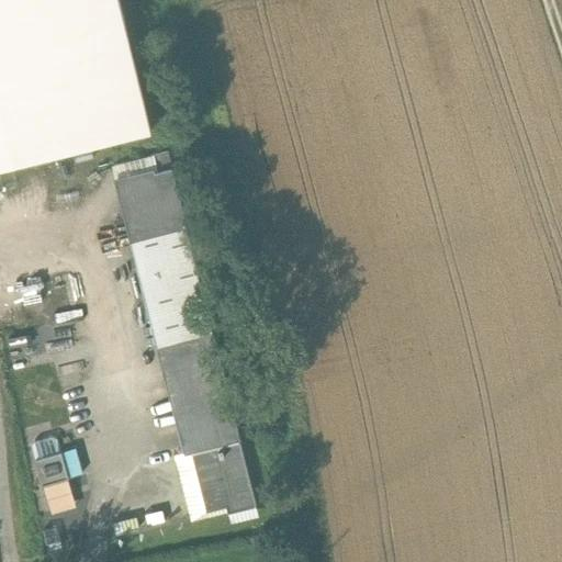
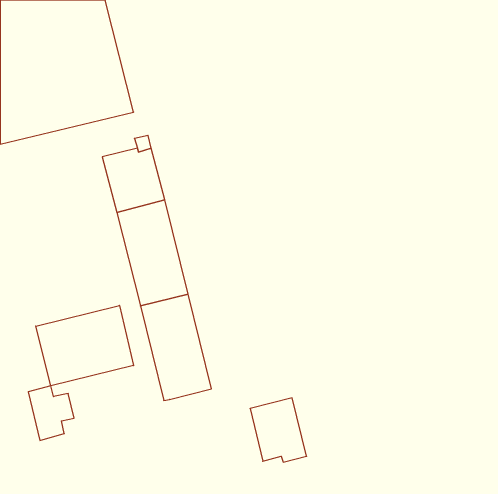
building: none -> [36,305,134,386]
building: [191,442,255,515] -> [250,398,307,462]

